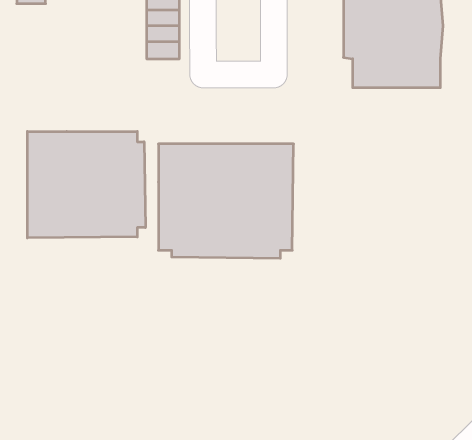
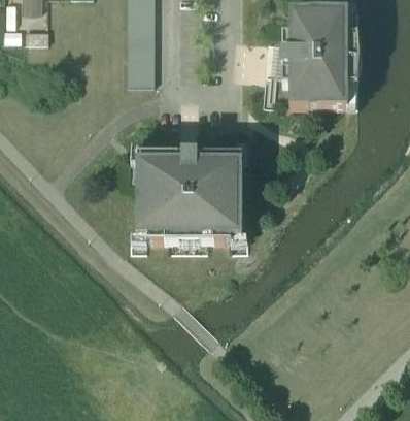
building: [27,131,145,238] -> none

